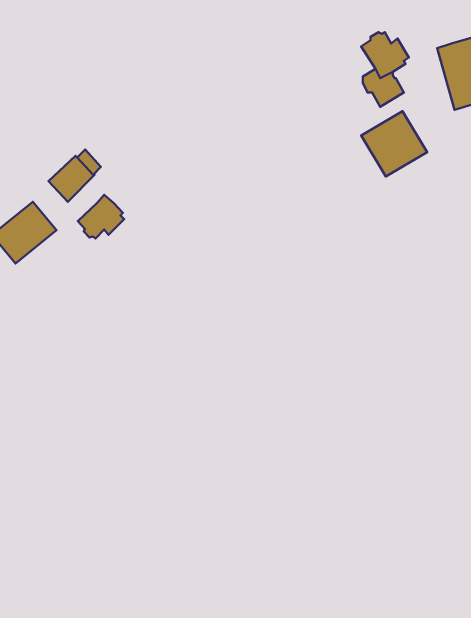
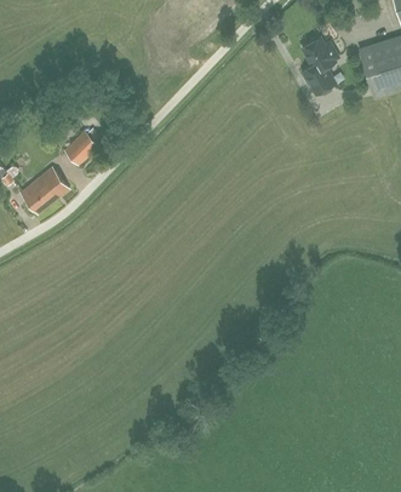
building: [361,111,427,176] -> none
building: [78,195,124,239] -> none

